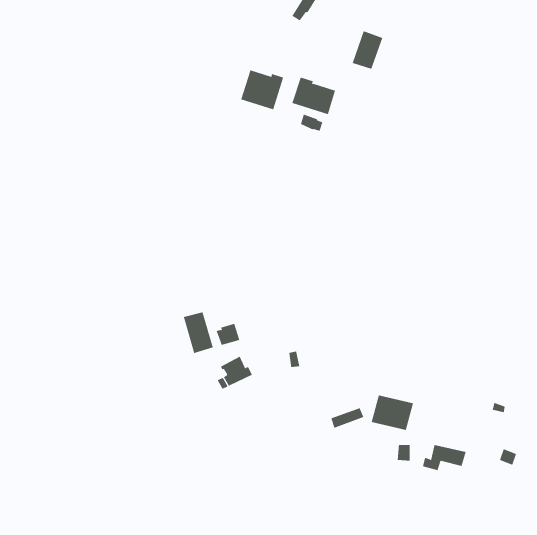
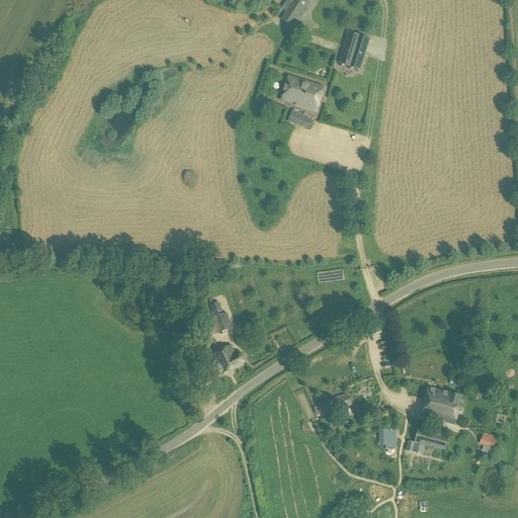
building: [241,70,284,110] -> none
building: [183,312,214,354] -> none
building: [371,395,414,430] -> [420,385,461,420]

